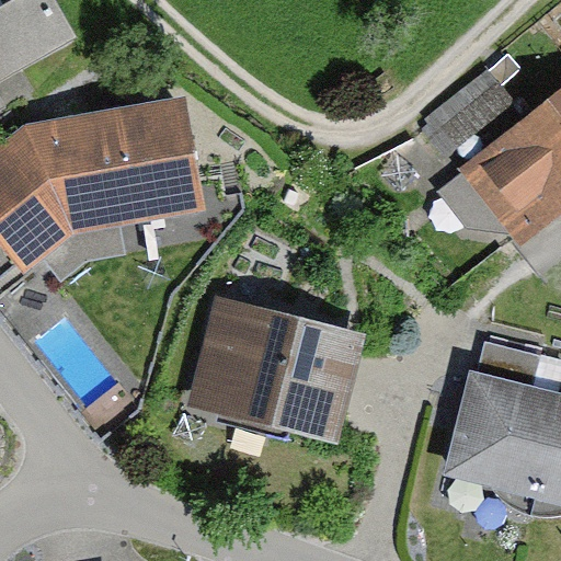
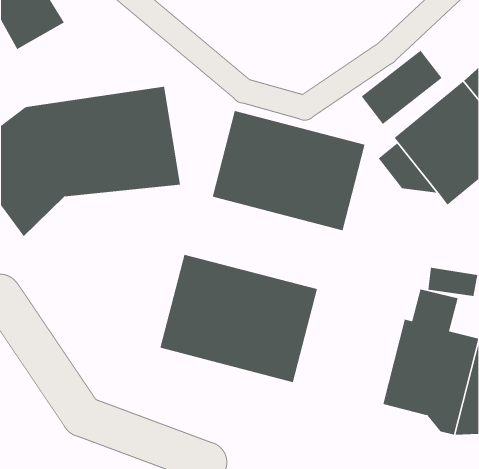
building: none -> [212,110,365,231]

